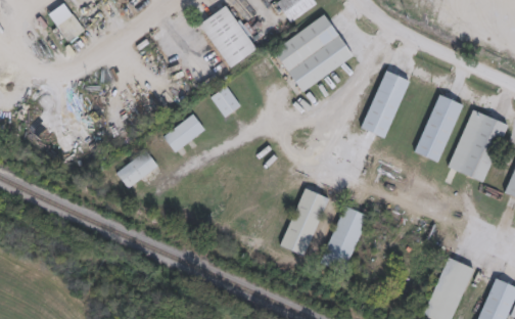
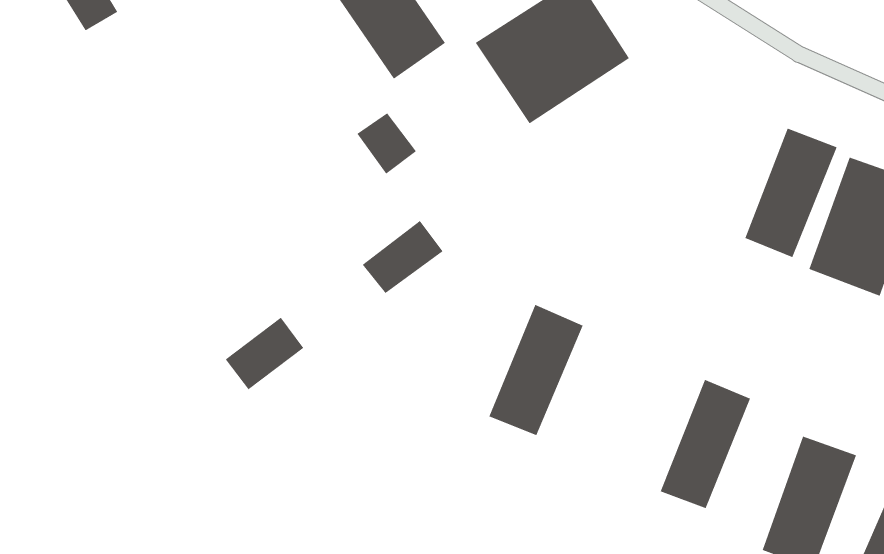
building: [362,69,410,138] -> none
building: [163,112,206,151] -> [362,220,443,294]
building: [116,148,158,187] -> [225,317,304,390]
building: [321,204,369,273] -> [660,379,751,509]

